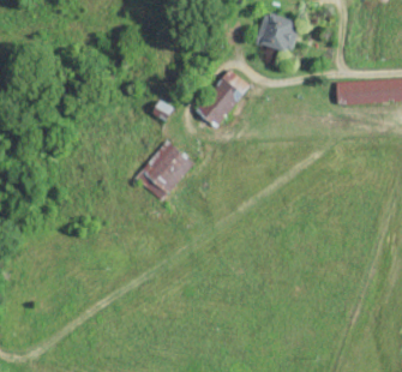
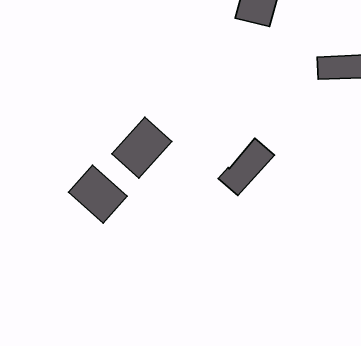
building: [197,71,252,127] -> [218,138,274,196]
building: none -> [69,165,127,223]

